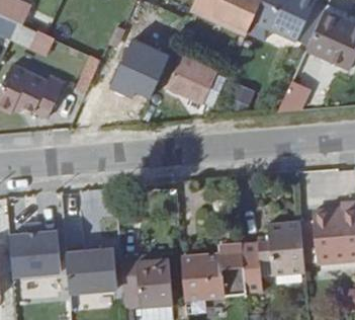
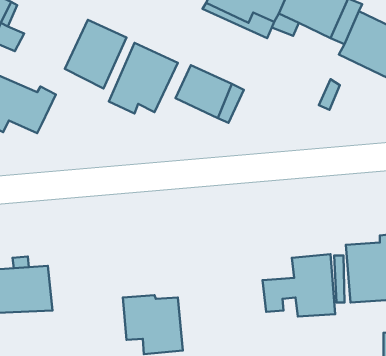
building: none -> [65,20,126,89]
building: [182,243,247,303] -> none
building: [65,248,115,295] -> none

